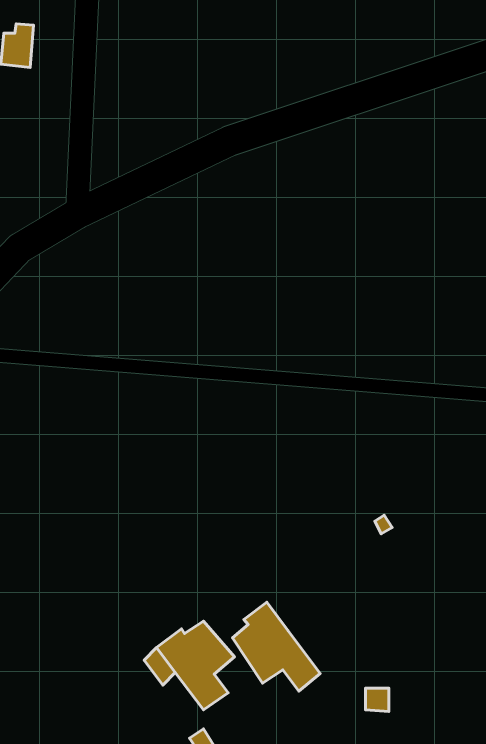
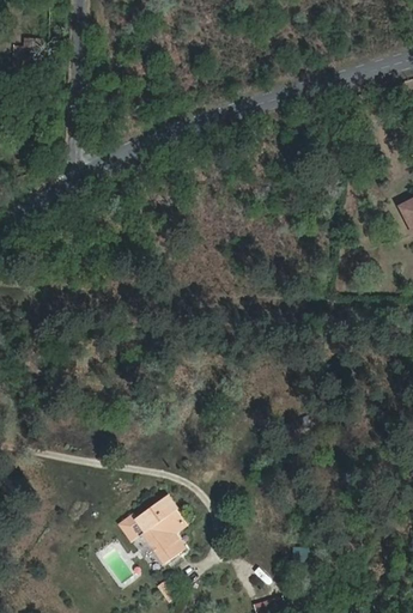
building: [232,602,320,691] -> none

